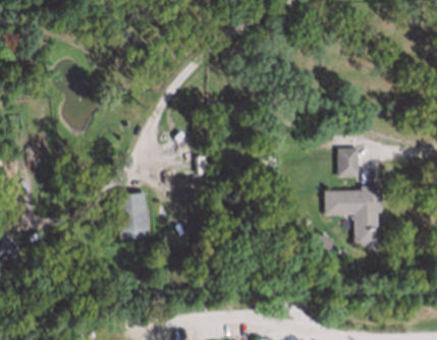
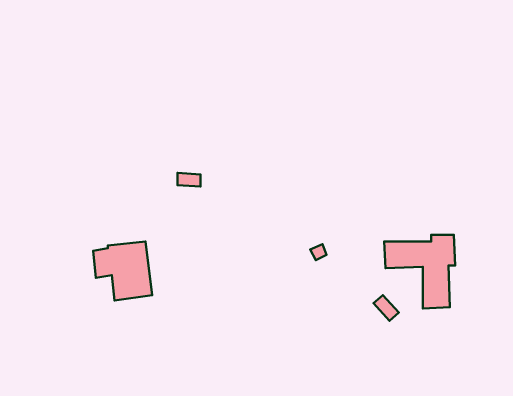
building: [337,149,356,175] -> none

